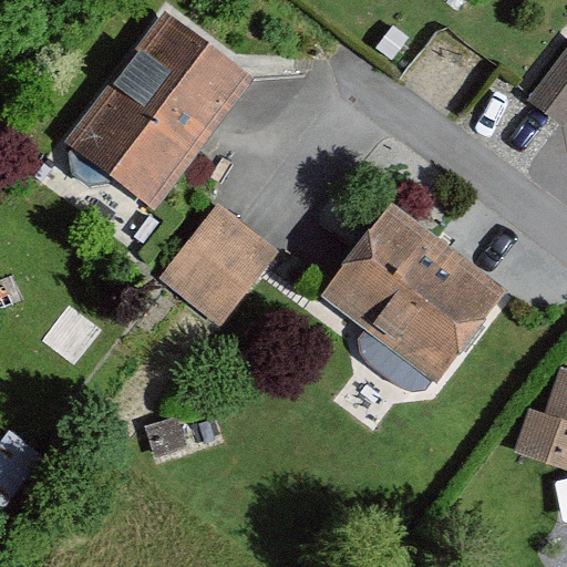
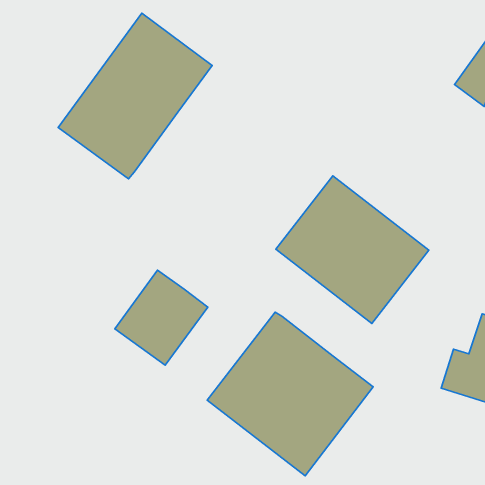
building: [165,208,274,319] -> [115,270,208,365]
building: none -> [207,312,373,476]

